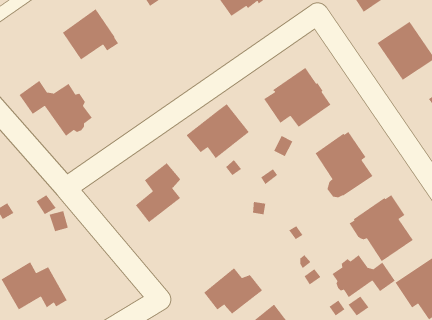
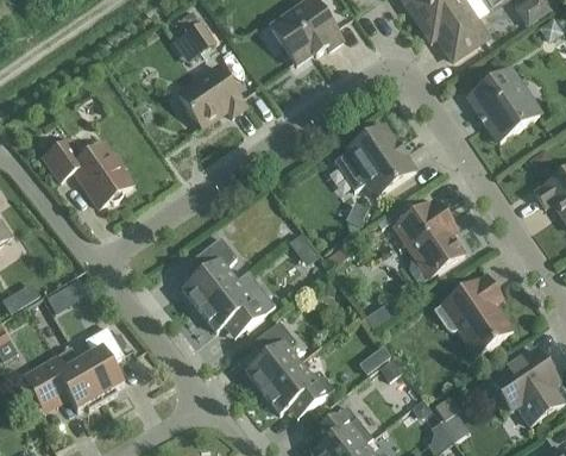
building: [62,8,119,60] -> [177,64,245,126]
building: [186,103,250,159] -> [197,270,273,337]
building: none -> [245,319,298,391]
building: none -> [78,325,122,400]
building: [331,254,396,298] -> none

